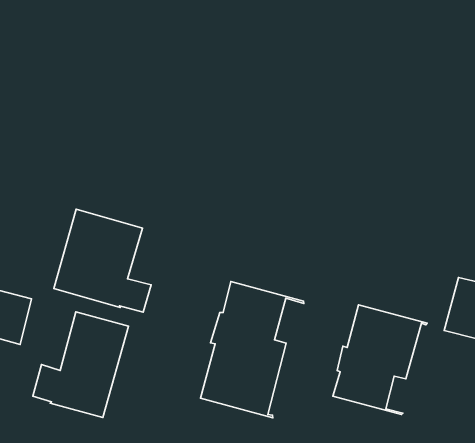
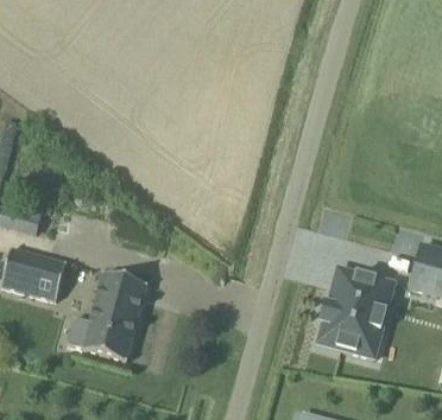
building: [54,209,151,312] -> none
building: [200,281,304,418] -> none

